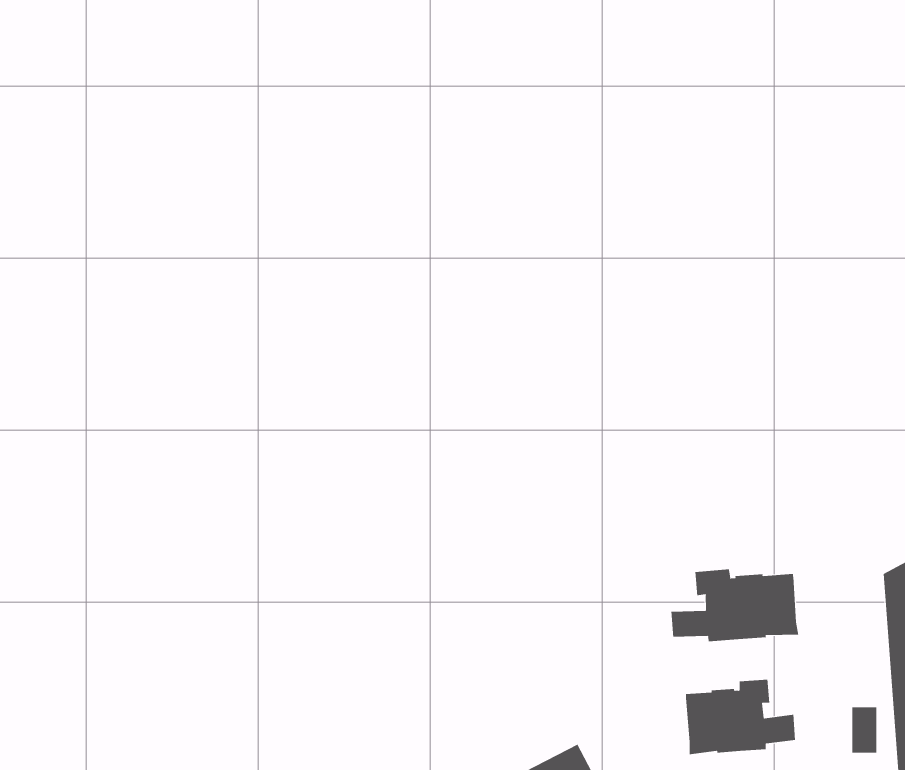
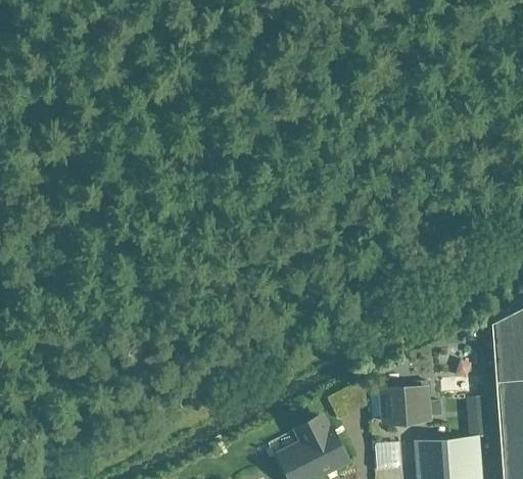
building: [671,569,799,642] -> none

